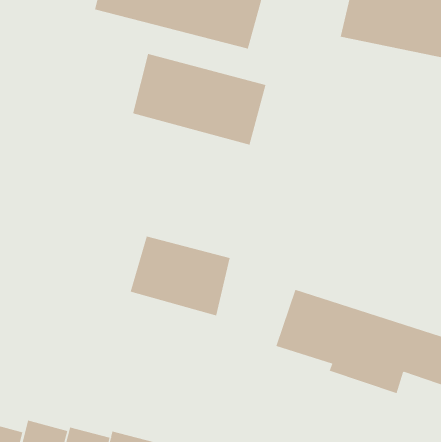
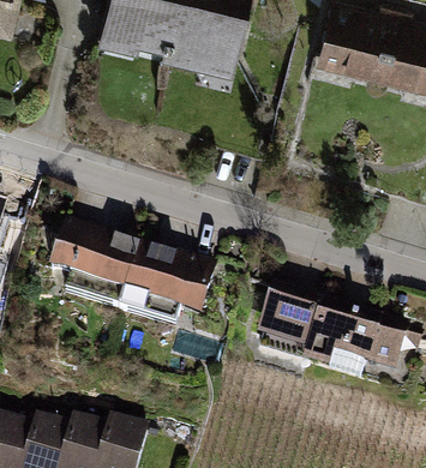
building: [132,53,266,145] -> none
building: none -> [55,222,143,293]

